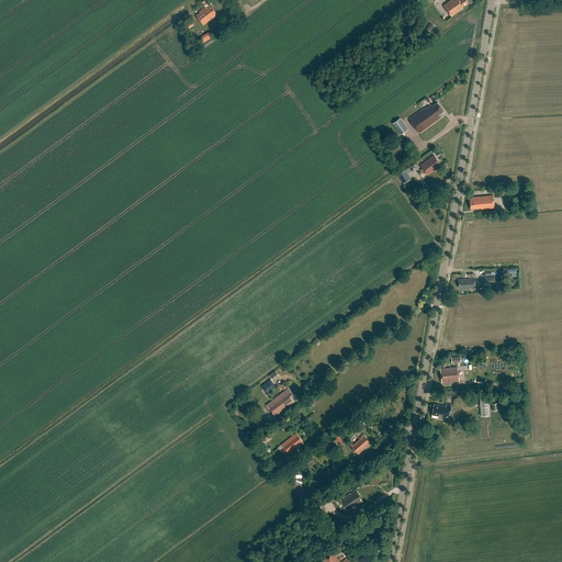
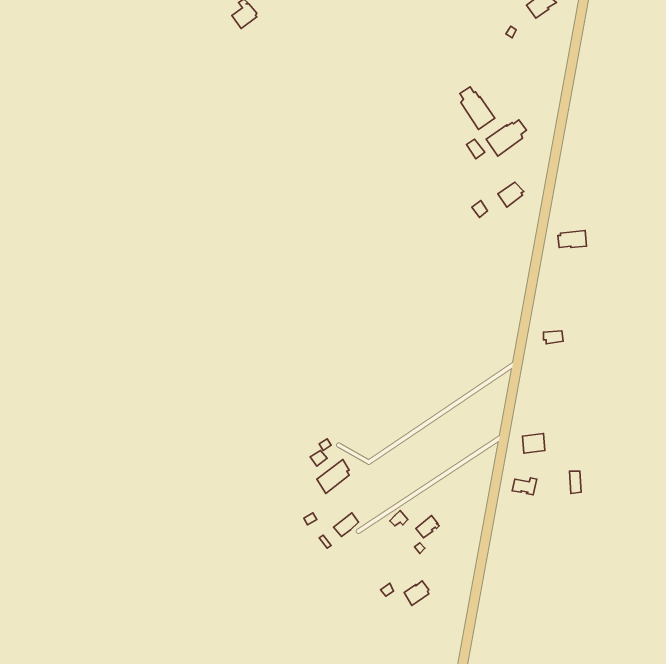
building: none -> [460,87,495,129]

